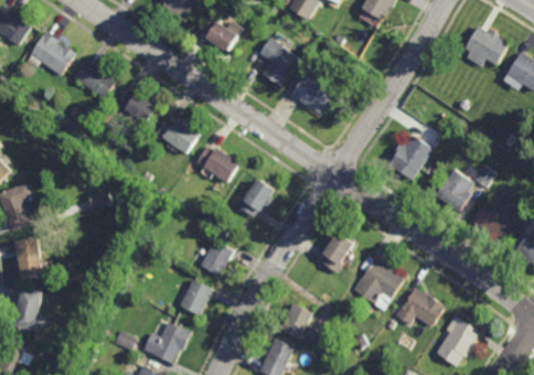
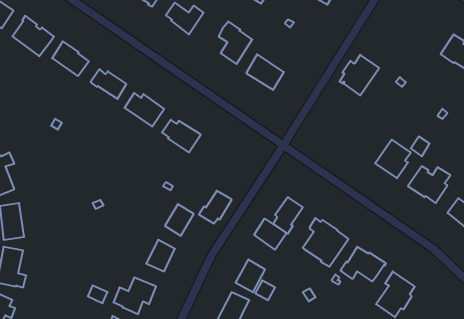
building: [464,25,509,66] -> none
building: [389,135,434,180] -> [339,55,379,95]
building: [237,180,274,216] -> [199,191,232,223]
building: none -> [254,219,286,250]

